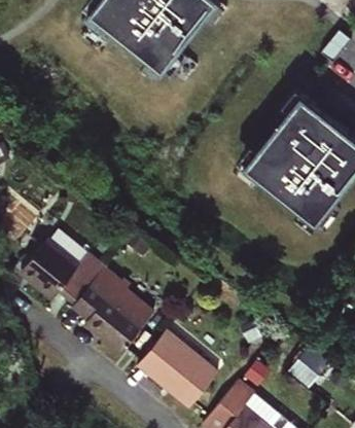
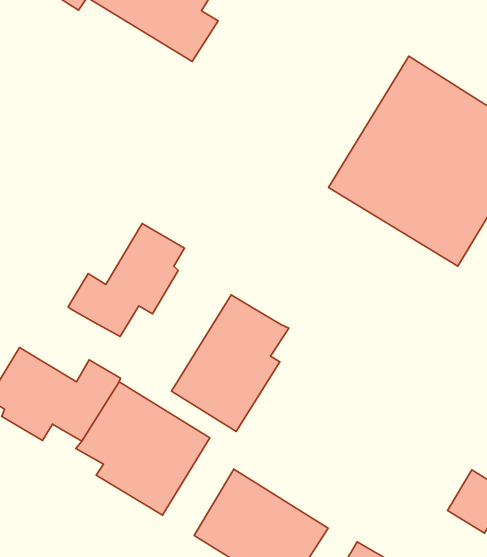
building: none -> [68,224,184,337]
building: none -> [172,295,289,432]

